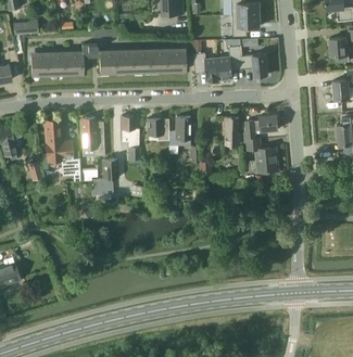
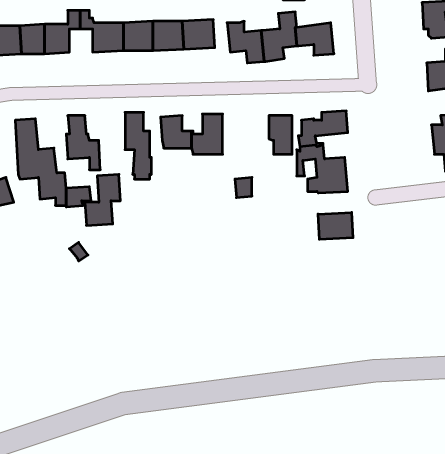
building: none -> [318,212,353,239]

